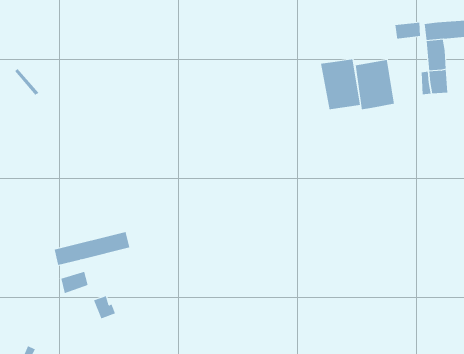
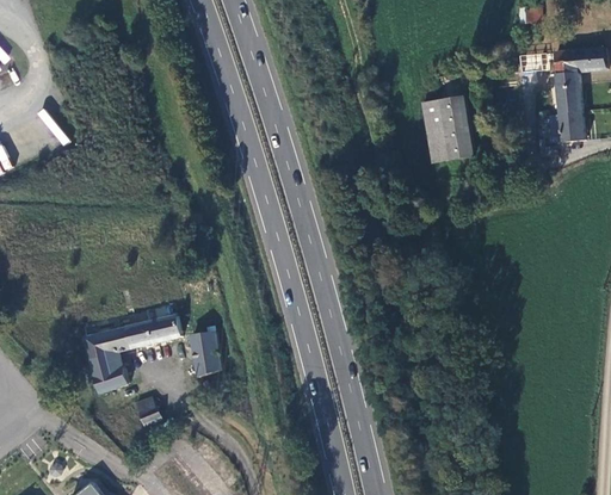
building: [355,59,394,110] -> none
building: none -> [189,332,220,378]
building: none -> [88,352,123,376]

